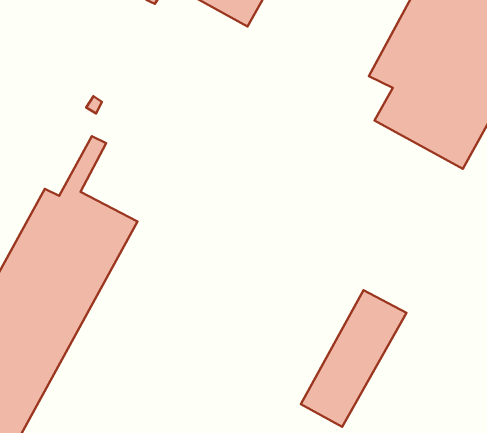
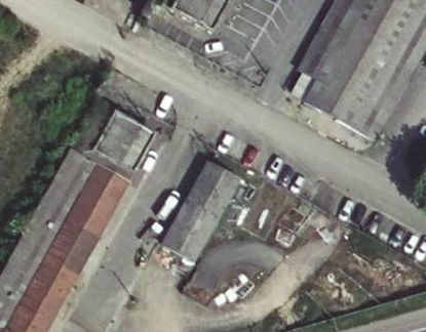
building: none -> [92,112,155,173]
building: [301,290,406,427] -> [162,163,238,261]

